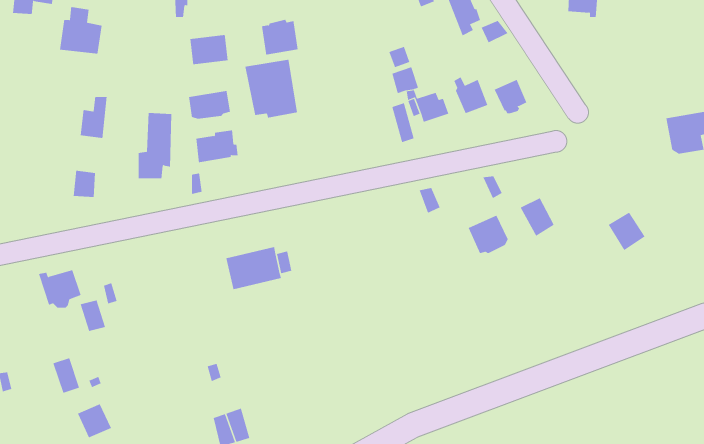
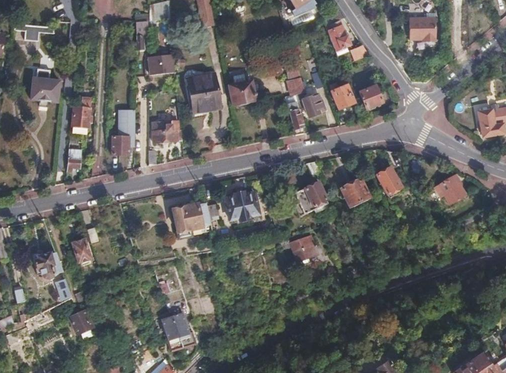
building: [59,7,102,54] -> [30,68,60,101]
building: [261,19,299,55] -> [229,79,255,104]
building: [189,90,230,120] -> none
building: none -> [295,182,328,214]
building: none -> [225,191,259,220]
building: [38,269,82,308] -> [32,250,62,277]
building: none -> [281,235,324,262]

